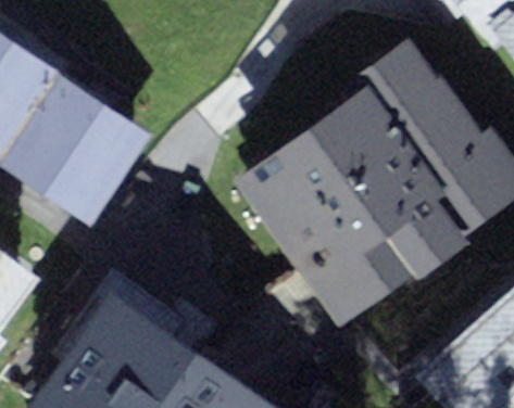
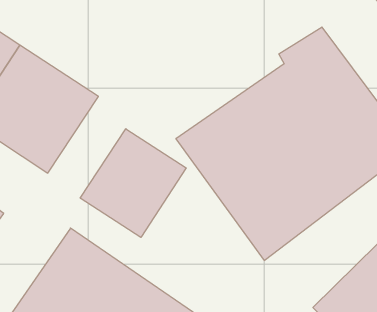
building: none -> [80,129,186,237]

